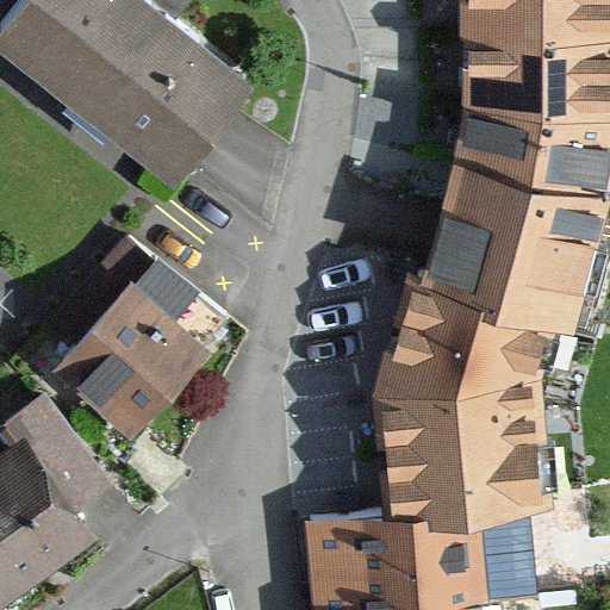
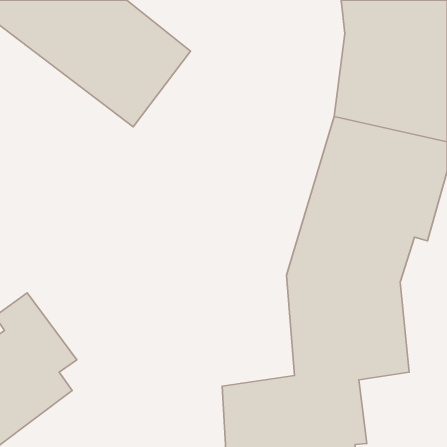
building: [46,282,207,444] -> none

